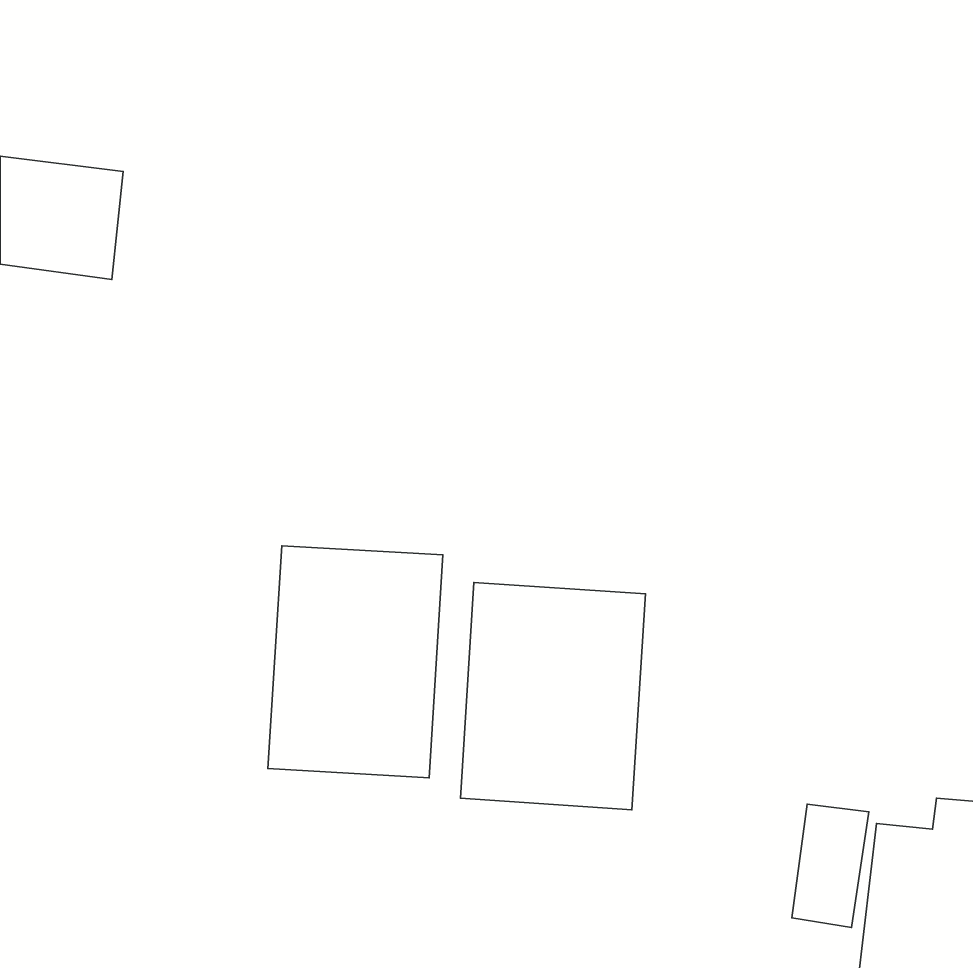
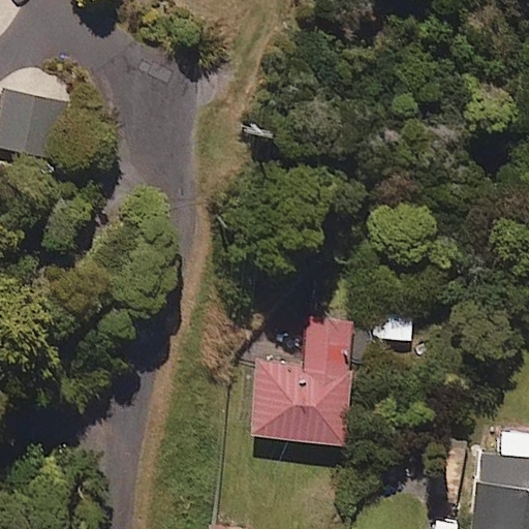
building: [268,546,443,778] -> none

